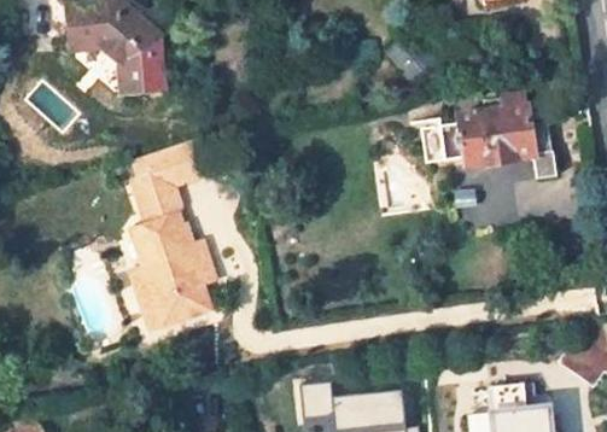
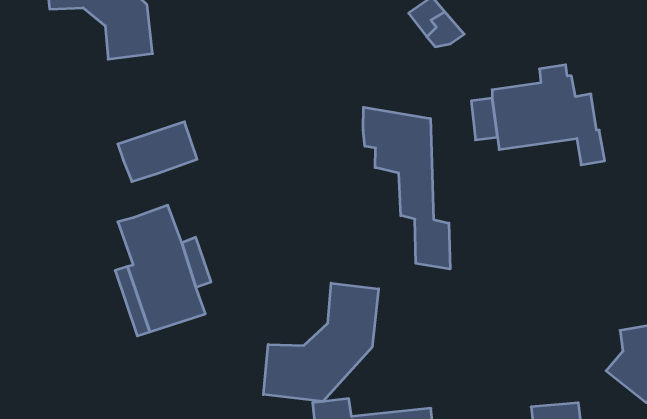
building: none -> [363,107,450,269]
building: [129,175,176,224] -> none
building: none -> [263,283,379,402]

